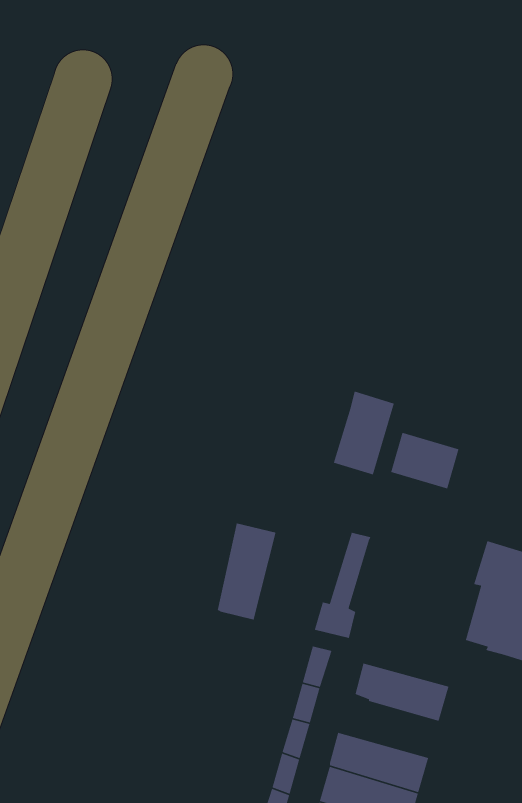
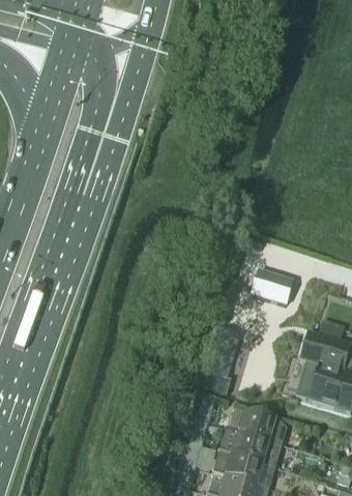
building: [333,391,395,476] -> none
building: [217,522,276,621] -> none
building: none -> [218,432,281,466]

